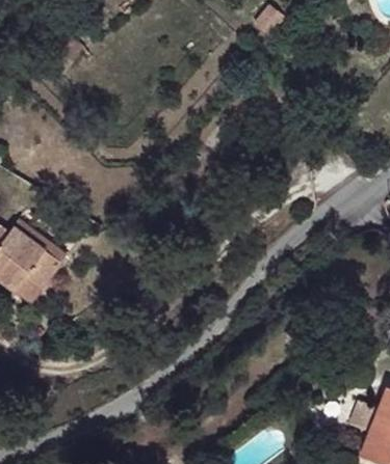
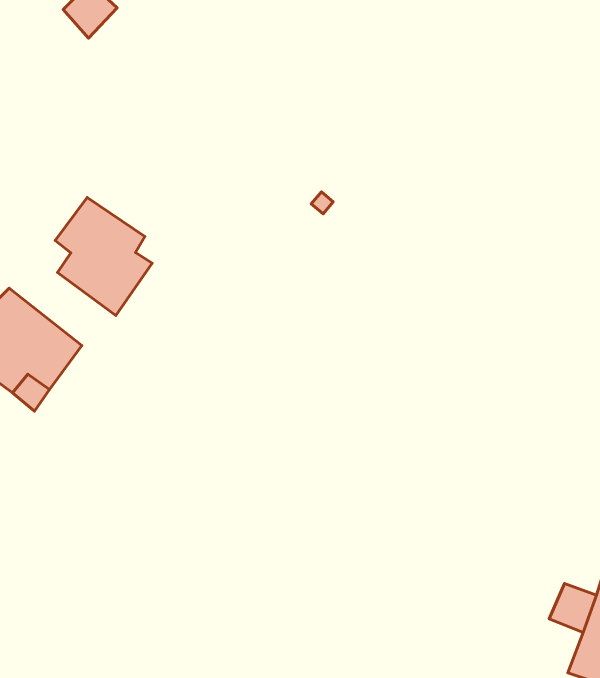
building: none -> [55,198,152,315]

